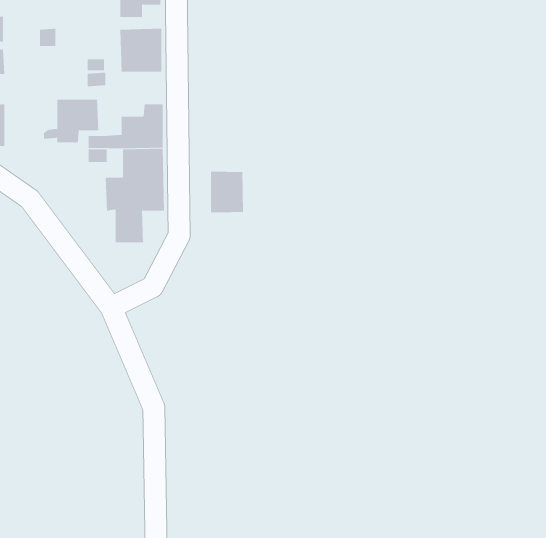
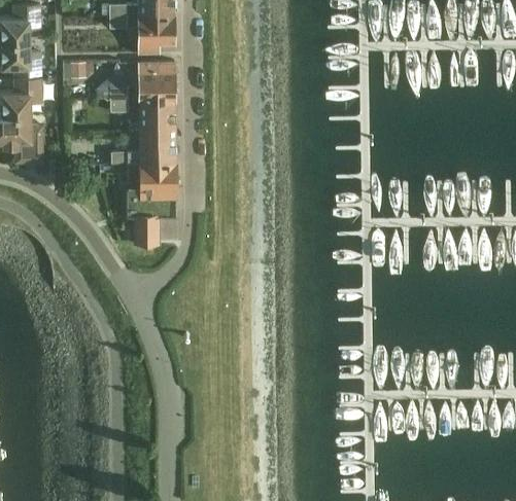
building: [43,99,99,143] -> [128,97,175,134]
building: [210,171,244,213] -> none

